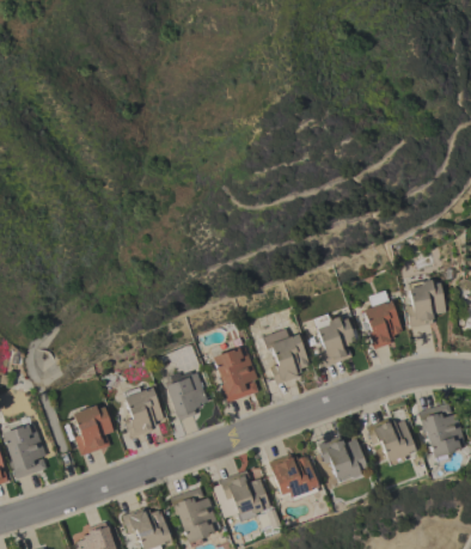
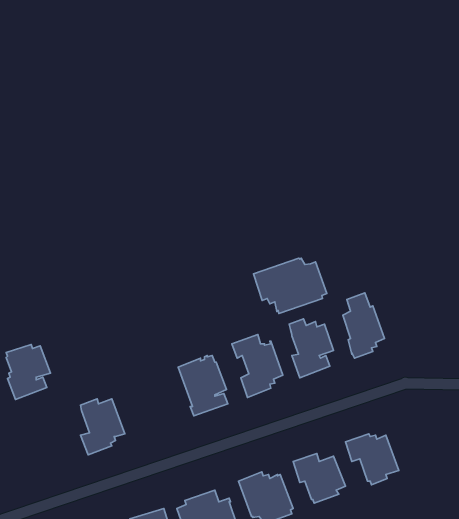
building: none -> [254,258,327,314]
building: [406,279,446,328] -> none
building: [165,371,208,420] -> none
building: [417,402,464,462] -> none
building: [73,405,114,456] -> [6,345,51,399]

